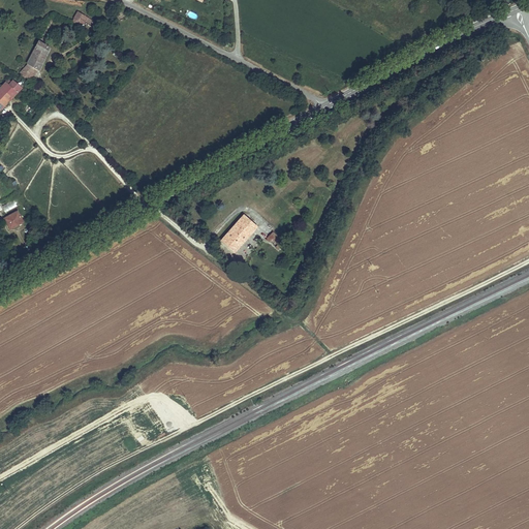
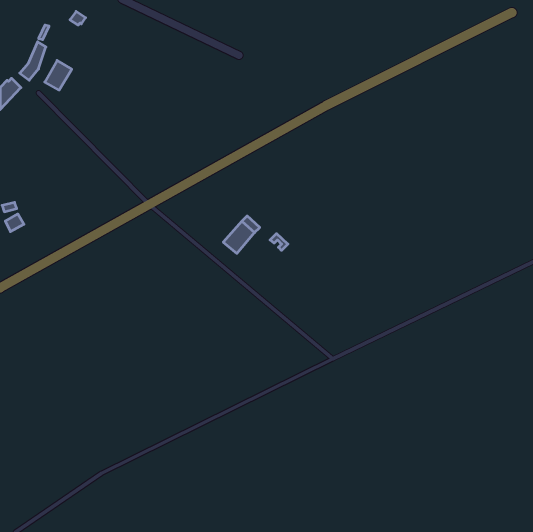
building: none -> [45,60,72,90]

